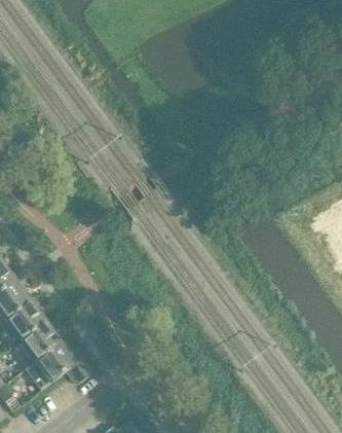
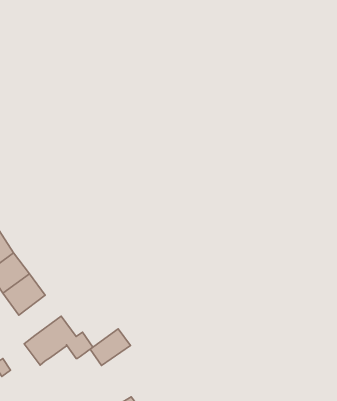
building: [21,319,62,358] -> none
building: none -> [90,329,130,366]

